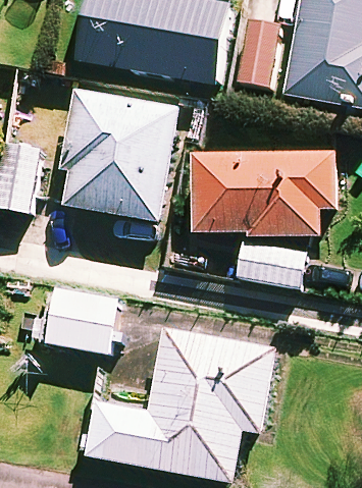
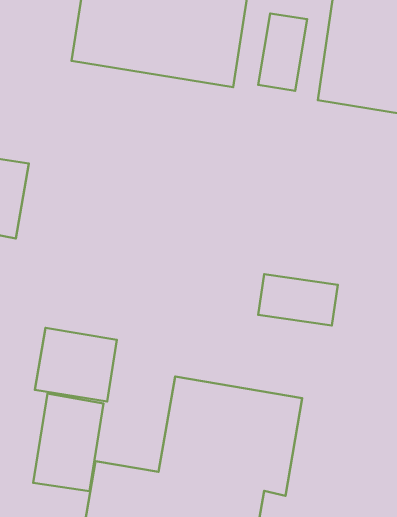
building: [60,90,176,218] -> none
building: [193,150,334,233] -> none
building: none -> [33,394,104,491]

